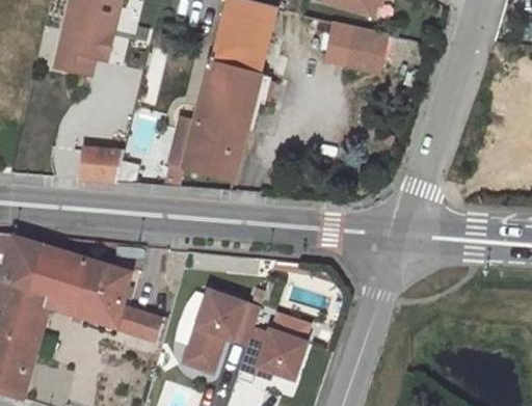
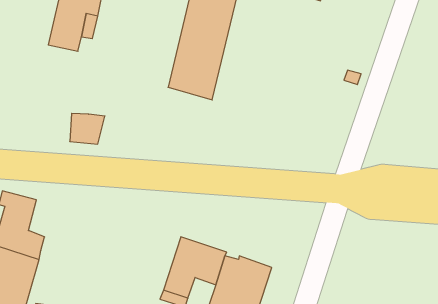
building: [324,22,387,73] -> none
building: [182,117,246,183] -> none
building: [34,247,160,335] -> none

